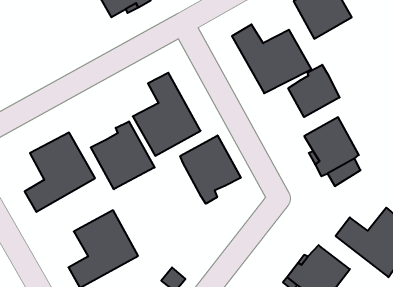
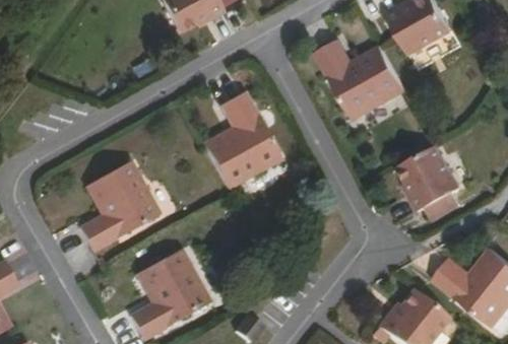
building: [288,65,340,117] -> none
building: [91,121,155,189] -> none
building: [180,135,241,204] -> none

